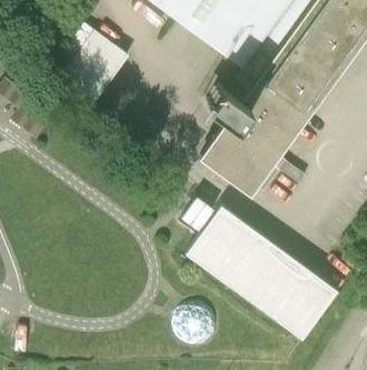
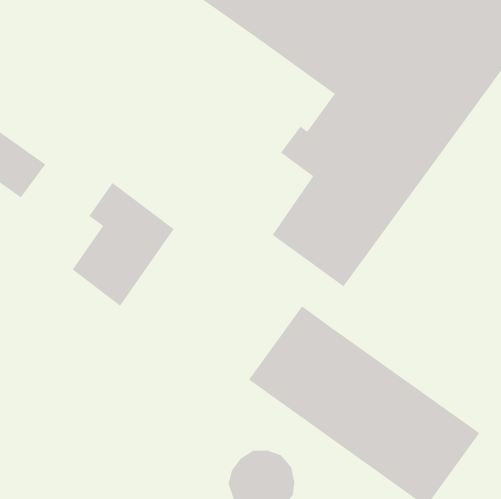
building: [60,24,128,107] -> [72,182,174,307]

